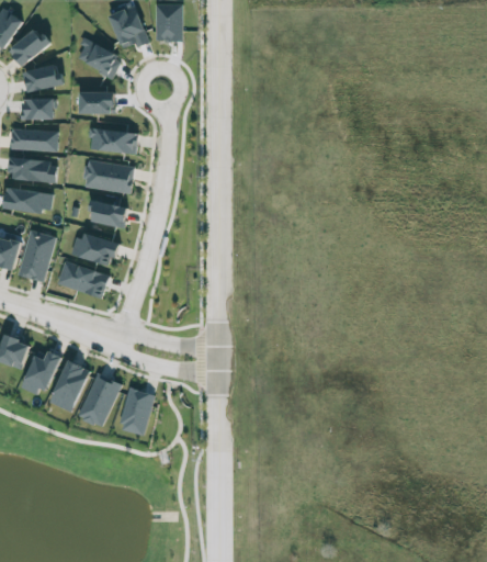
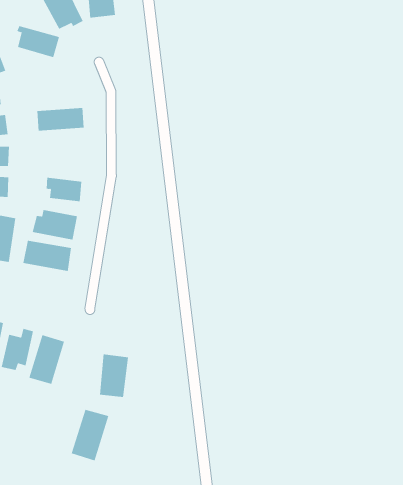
building: [79,91,115,114] -> none
building: [82,160,134,193] -> none
building: [77,373,121,428] -> [71,409,109,461]

